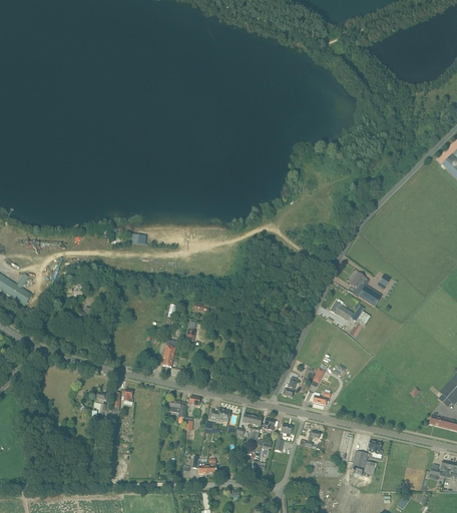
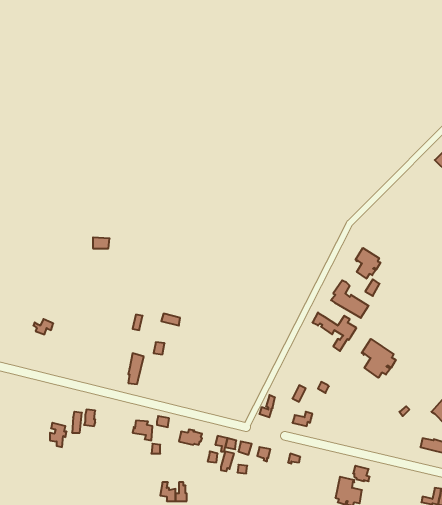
building: none -> [356,248,380,279]
building: none -> [362,339,396,378]

